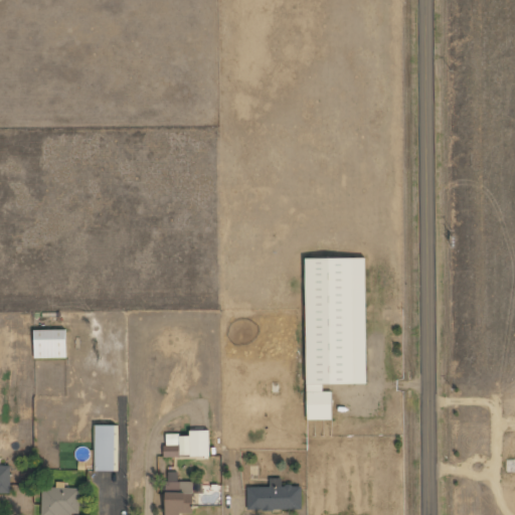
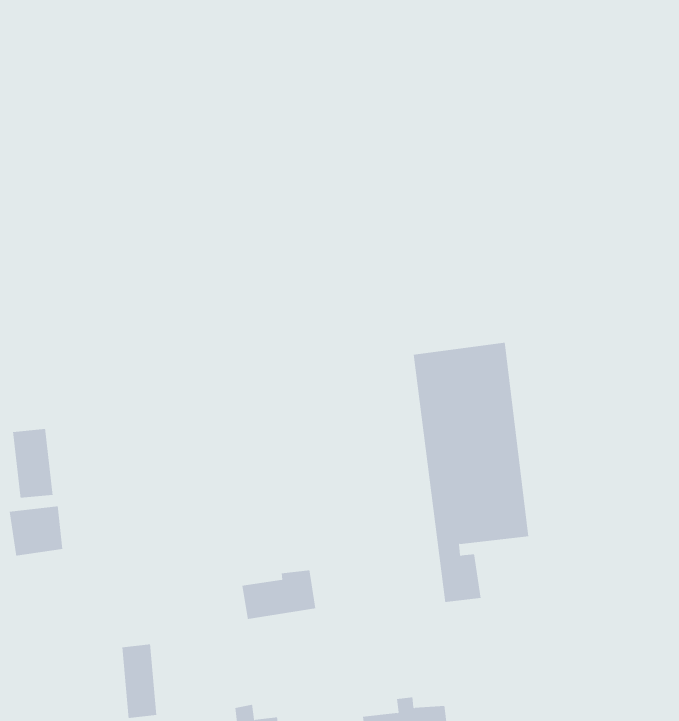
building: none -> [13,428,53,498]
building: [163,431,209,458] -> [242,570,316,619]

